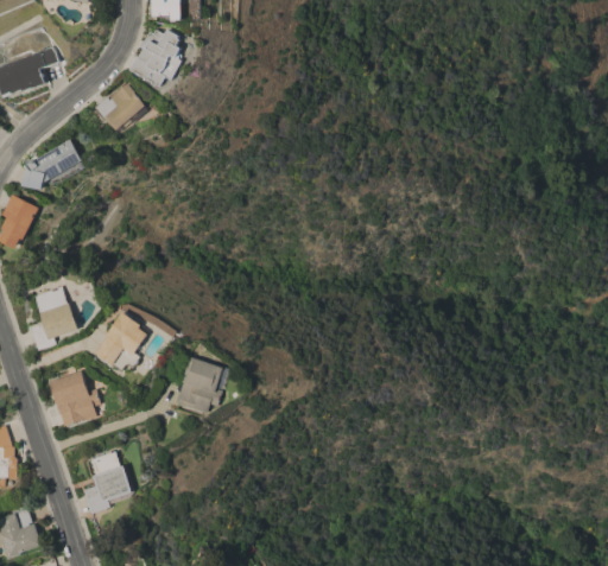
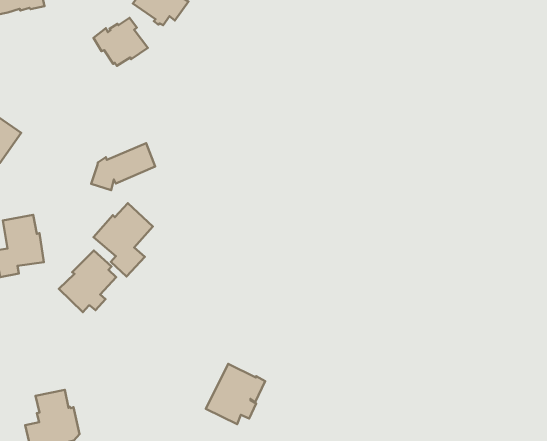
building: [21,140,81,190] -> [91,143,155,190]
building: none -> [94,203,153,276]
building: [175,357,228,414] -> [206,364,265,424]
building: [48,370,99,427] -> none

